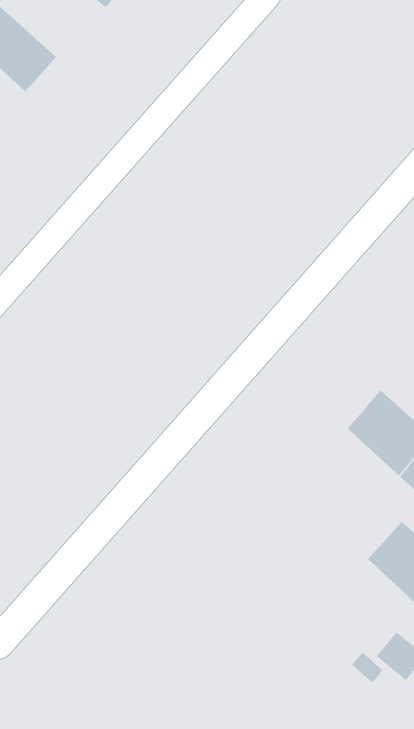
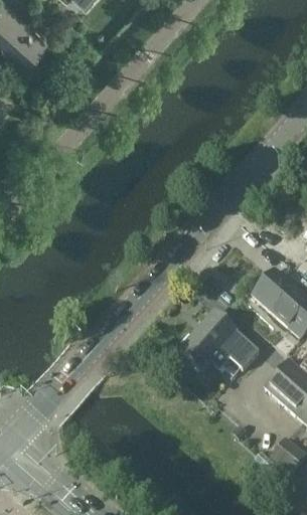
building: none -> [178,313,258,372]

